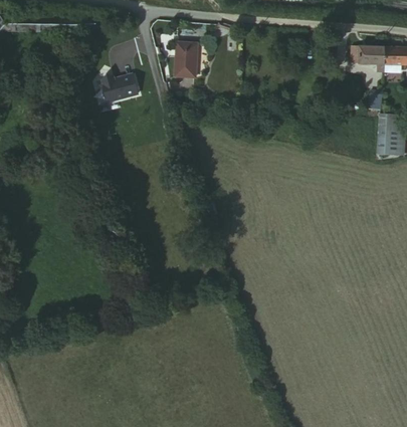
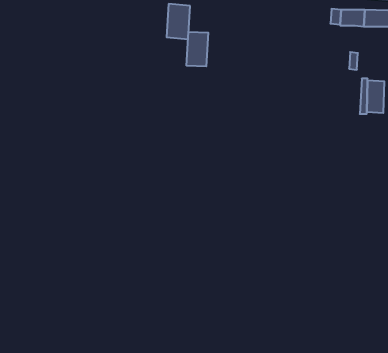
building: none -> [187,32,208,66]
building: [100,75,137,104] -> none

